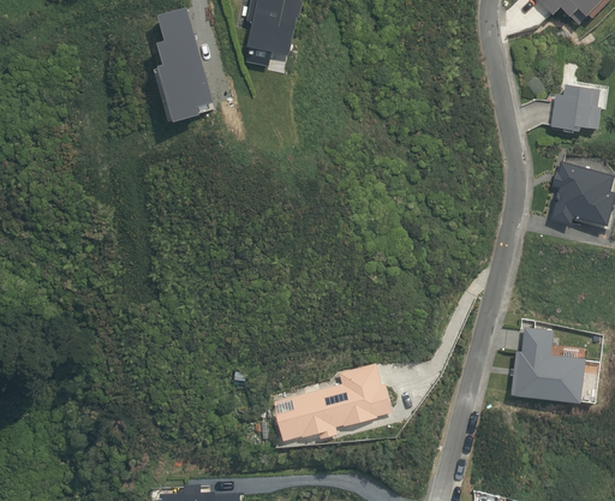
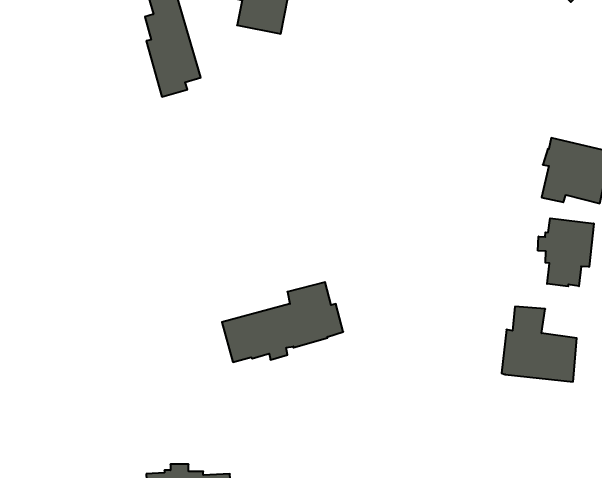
building: [550,85,601,133] -> none
building: none -> [538,218,594,286]
building: [271,363,392,442] -> [222,282,343,362]

